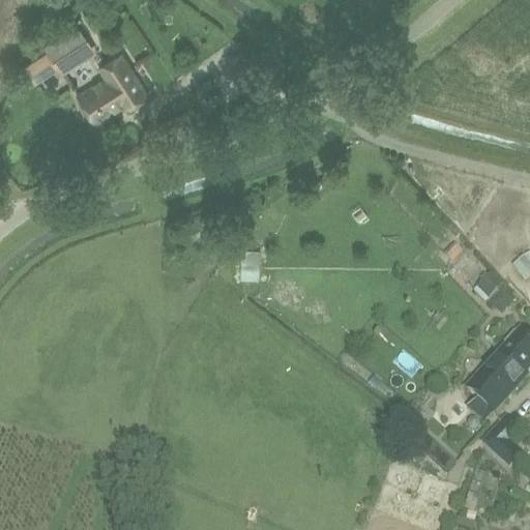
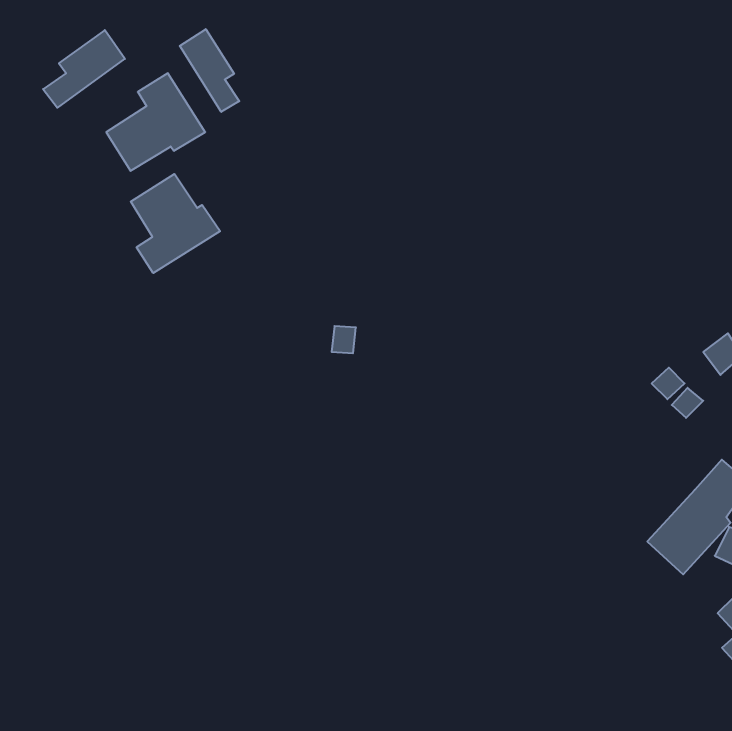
building: none -> [180,29,239,112]
building: none -> [131,174,220,273]

